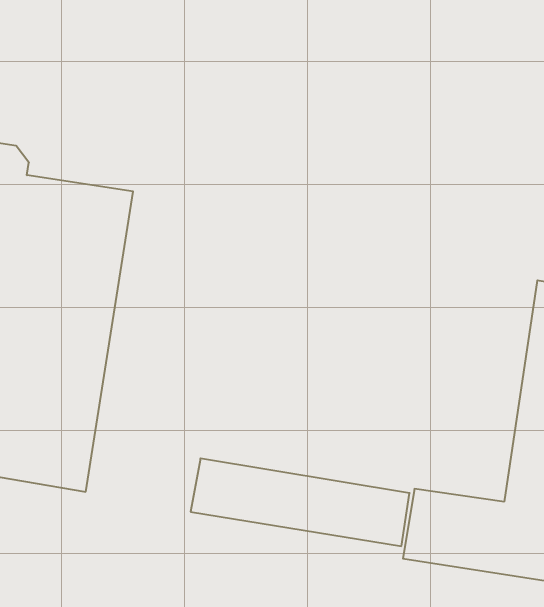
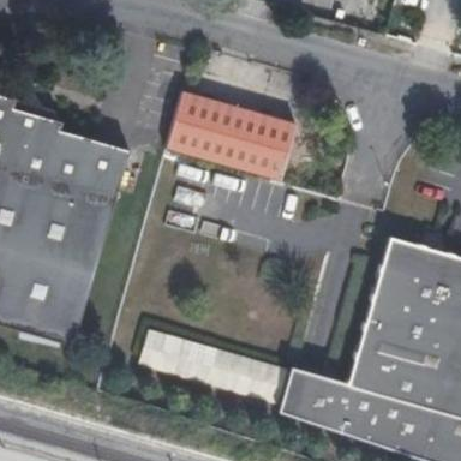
building: none -> [166,91,297,180]

